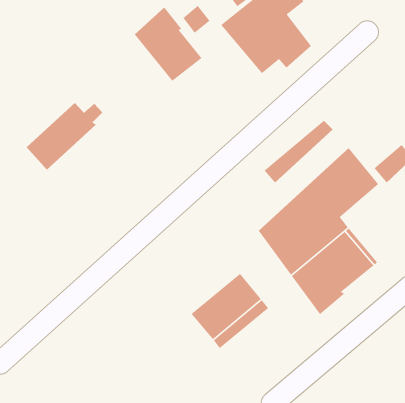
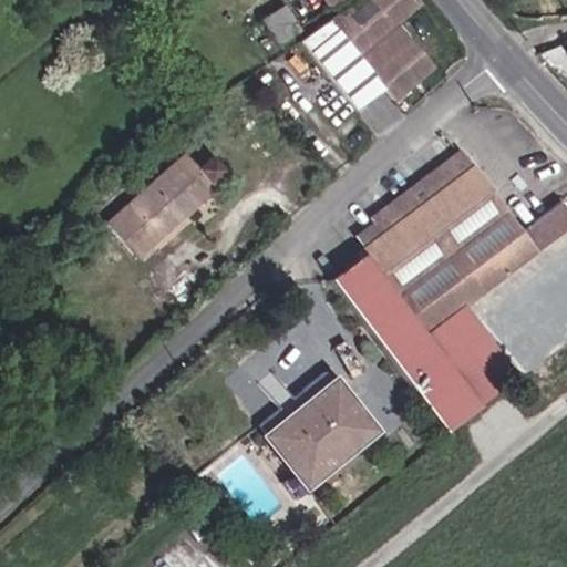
building: [134,6,203,82] -> none
building: [26,102,103,170] -> [114,155,220,249]
building: none -> [346,178,488,318]

